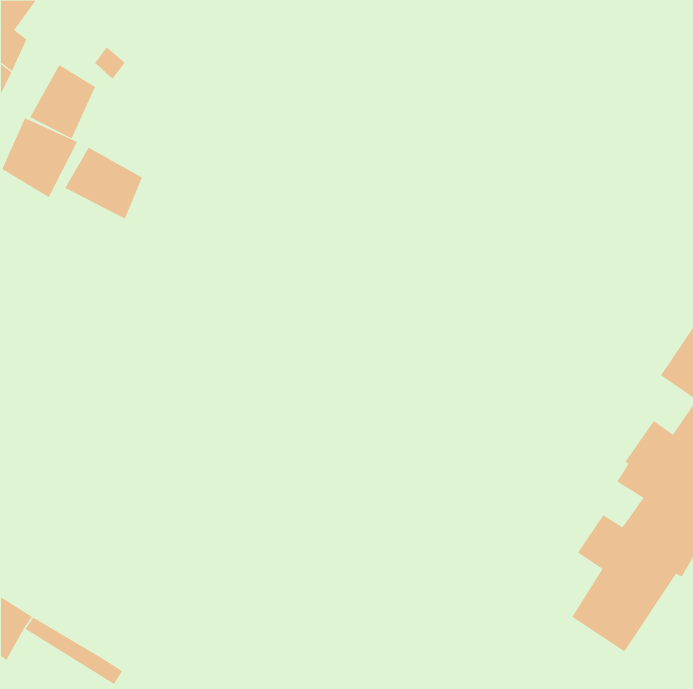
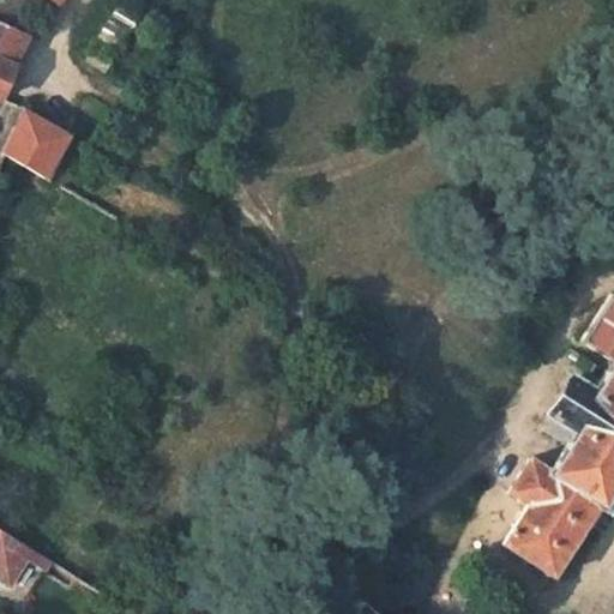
building: [30,64,96,139] -> none
building: [64,147,142,219] -> none

